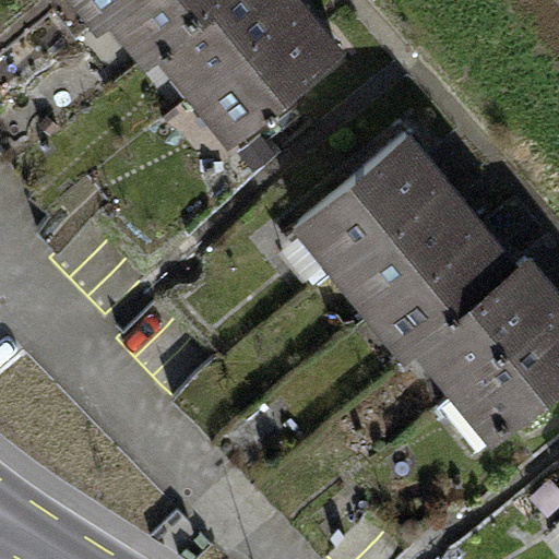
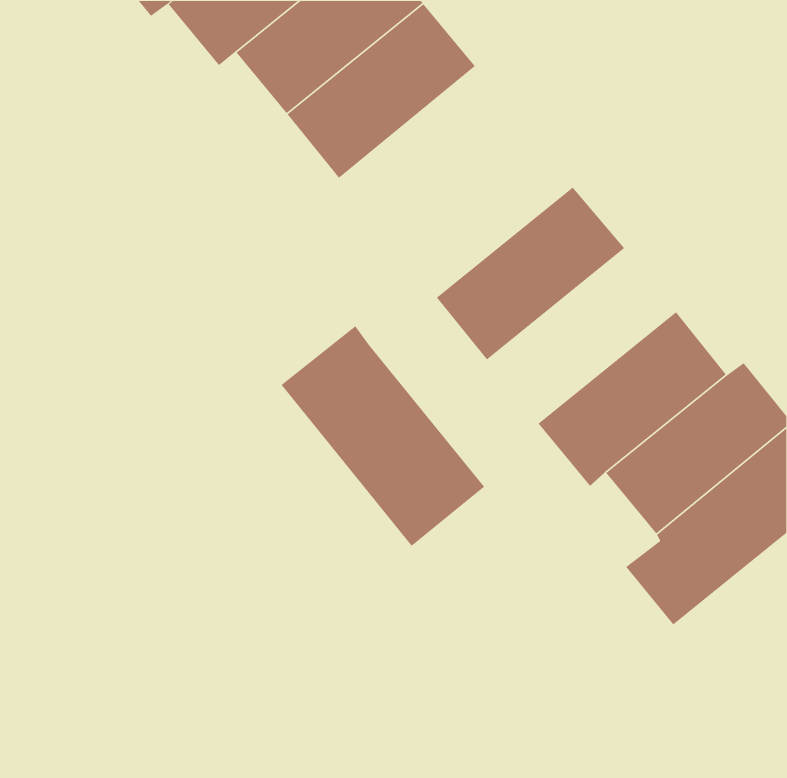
building: [345,182,479,307] -> none
building: none -> [280,325,485,547]

